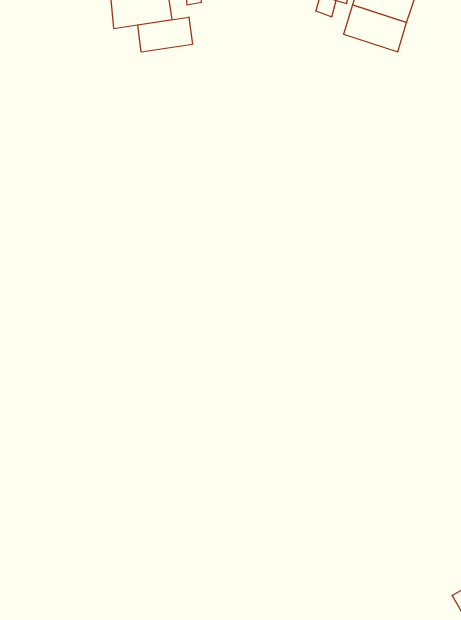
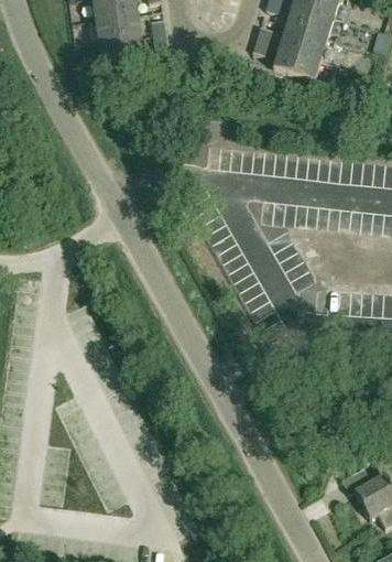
building: [138,17,192,52] -> none

